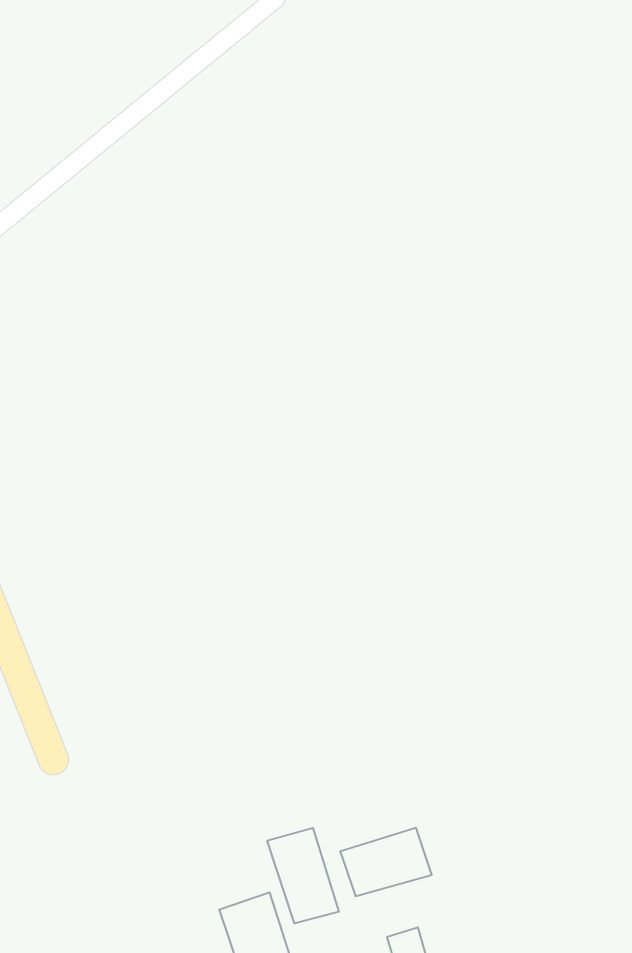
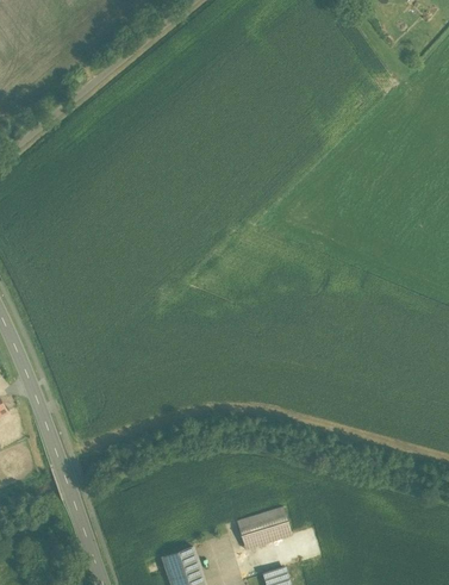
building: [267,828,339,924] -> none

